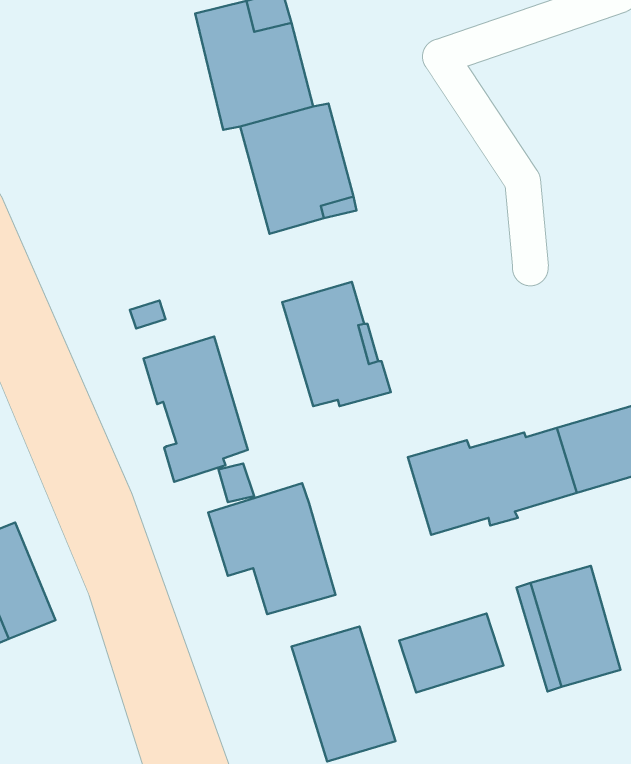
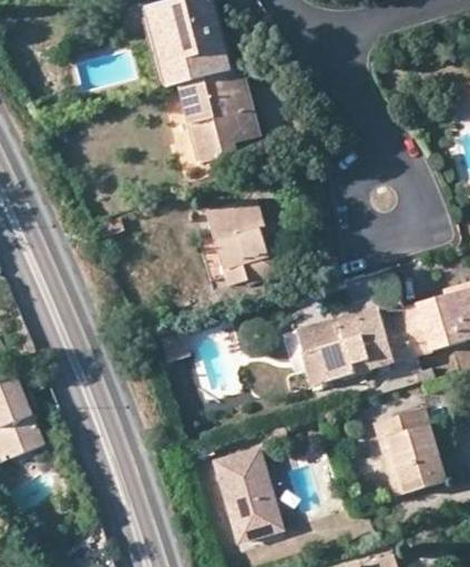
building: [143,337,248,482] -> none
building: [208,483,336,614] -> none
building: [399,613,503,693] -> none

